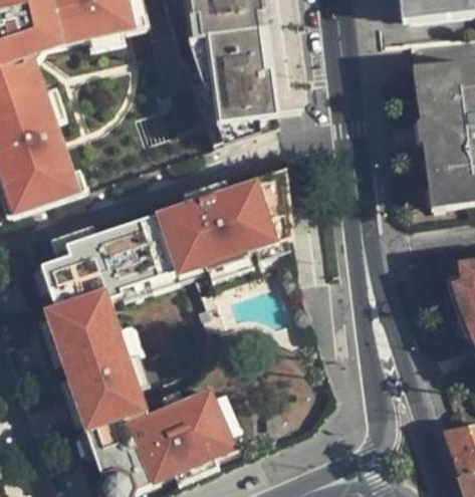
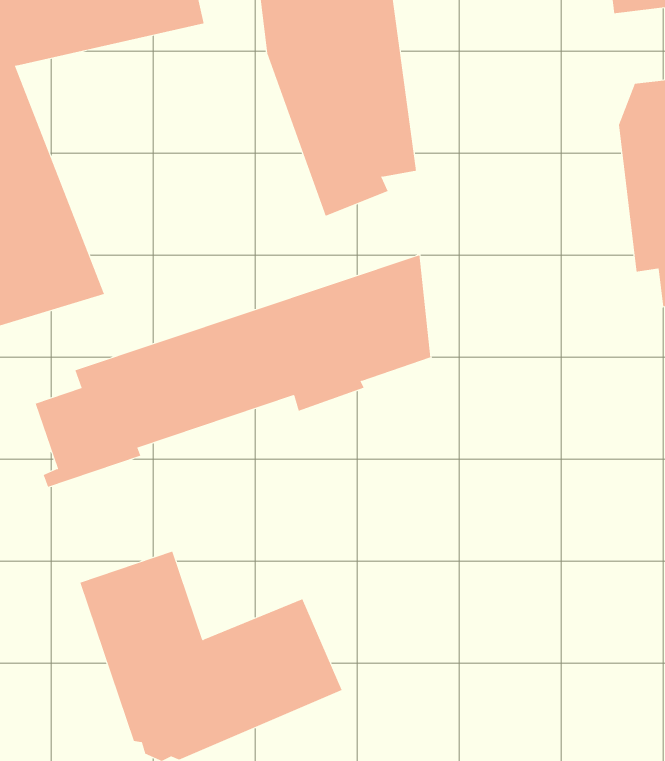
building: [49,298,129,379] -> none

